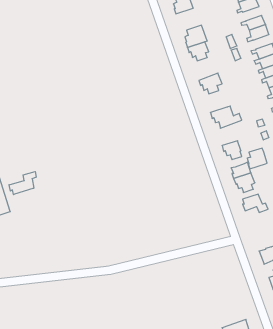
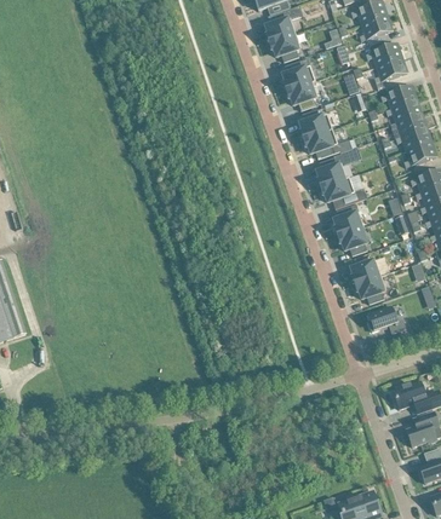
building: none -> [270,33,300,62]
building: none -> [300,109,332,139]
building: none -> [317,157,346,186]
building: [247,148,267,169] -> [334,204,363,235]
building: [9,172,36,195] -> none

